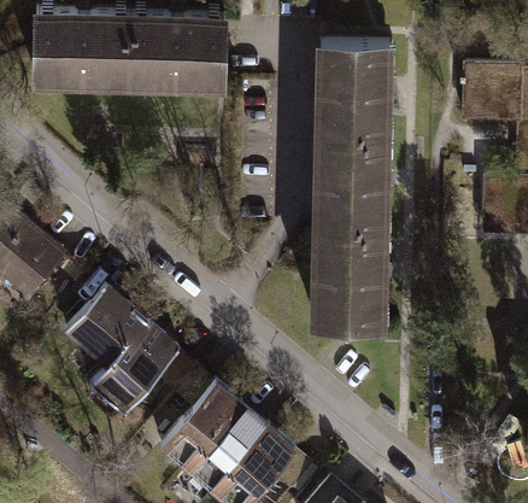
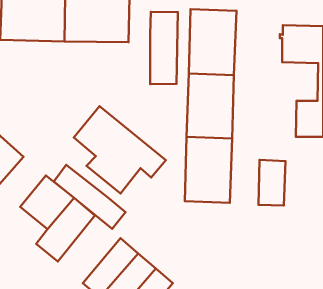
building: none -> [150,12,178,84]
building: none -> [74,106,166,194]
building: none -> [258,160,285,206]
building: none -> [54,165,126,229]

